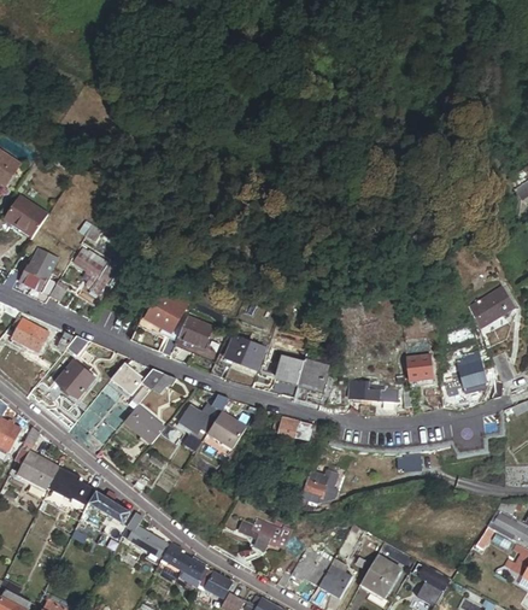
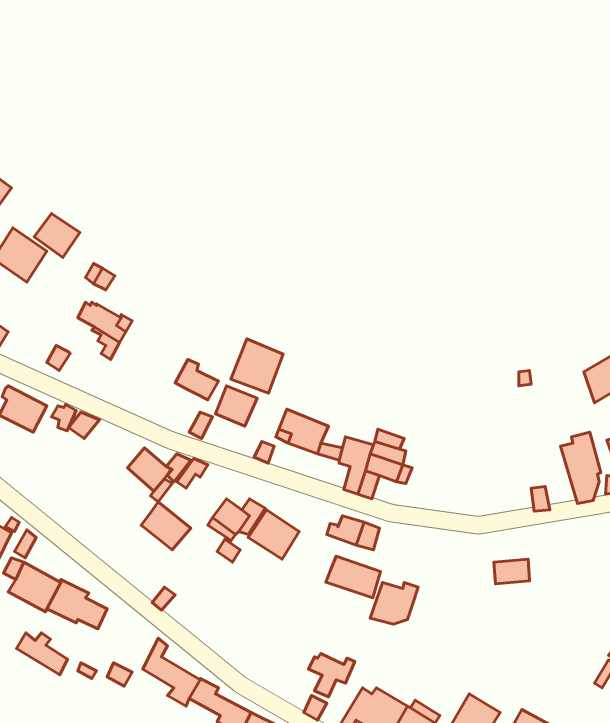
building: none -> [34,213,80,257]
building: [19,262,52,293] -> none
building: none -> [231,339,283,393]
building: [405,352,432,379] -> none
building: [57,362,94,399] -> none
building: [348,381,399,404] -> none
building: none -> [326,556,381,598]
building: [92,493,131,526] -> [17,633,68,675]

